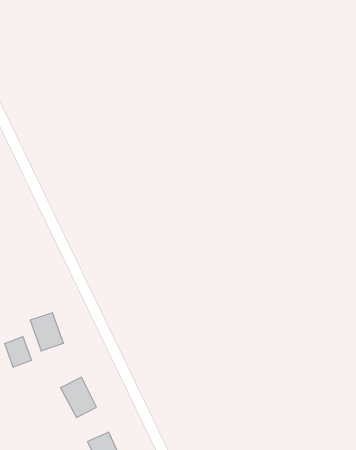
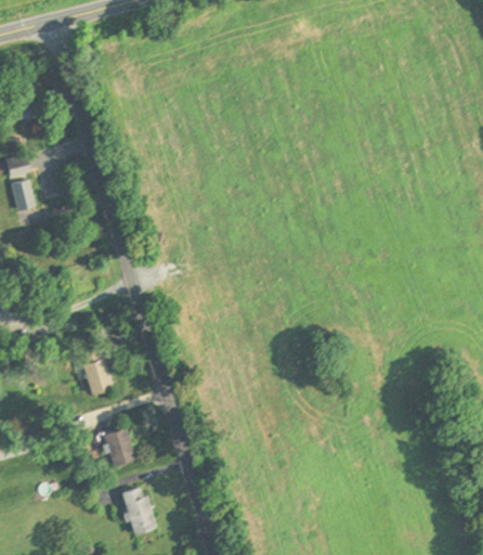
building: [5,337,32,367] -> none

